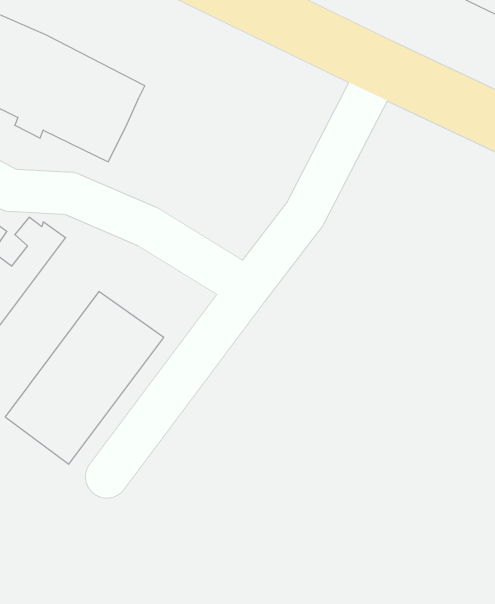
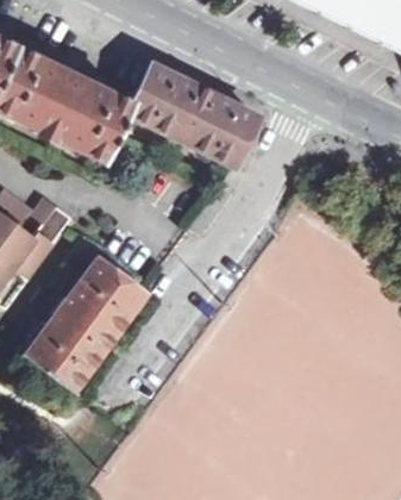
building: none -> [126,62,258,163]

